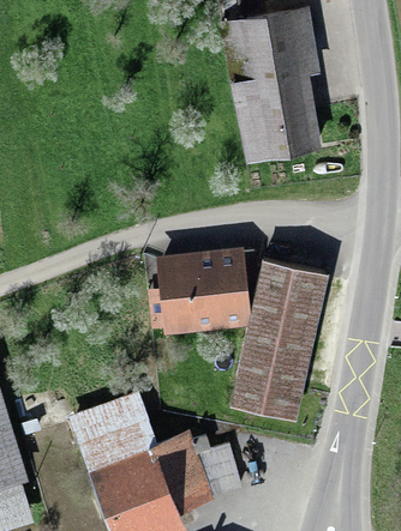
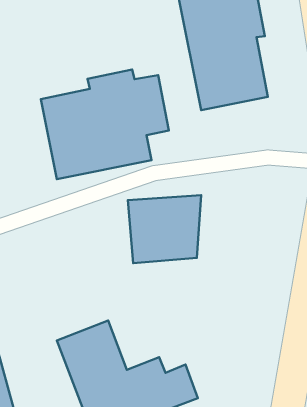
building: none -> [41,69,169,179]
building: [229,261,325,412] -> none

